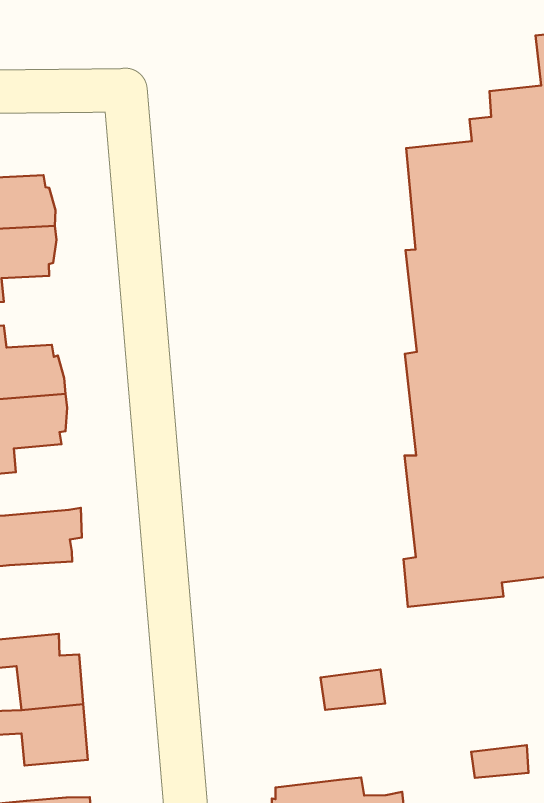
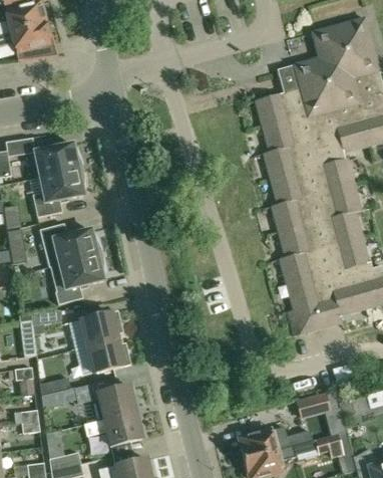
building: none -> [86,338,131,374]
building: [321,670,385,710] -> [297,392,332,417]

